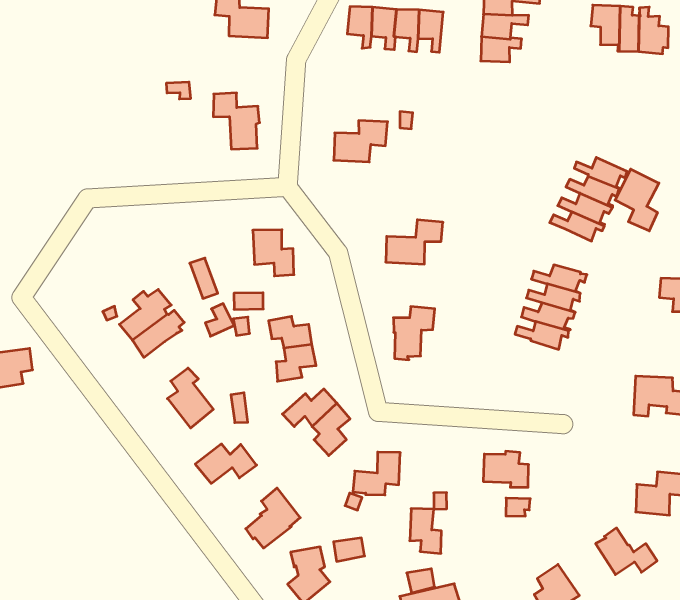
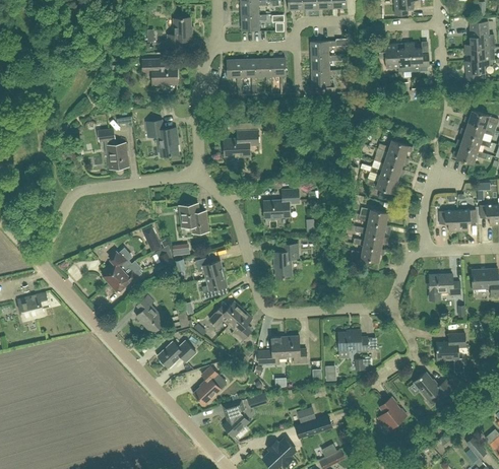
building: none -> [99,129,128,169]
building: [615,169,659,231] -> none
building: [410,509,441,553] -> [286,335,307,362]

